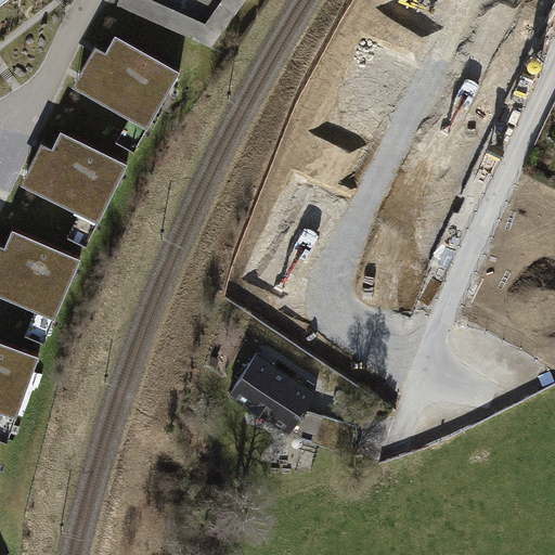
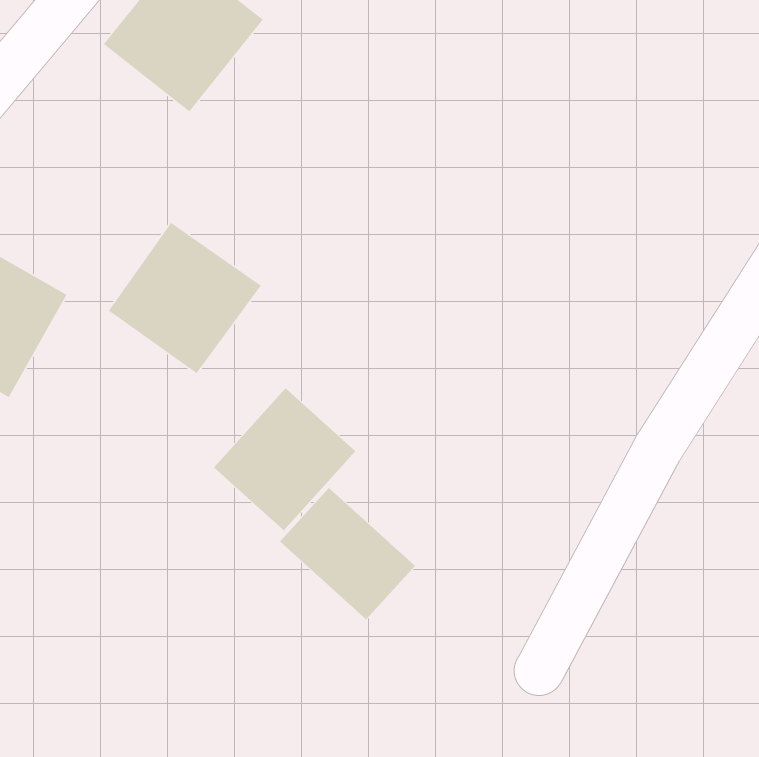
building: [33,131,126,223] -> [108,222,262,374]
building: none -> [213,388,356,531]

